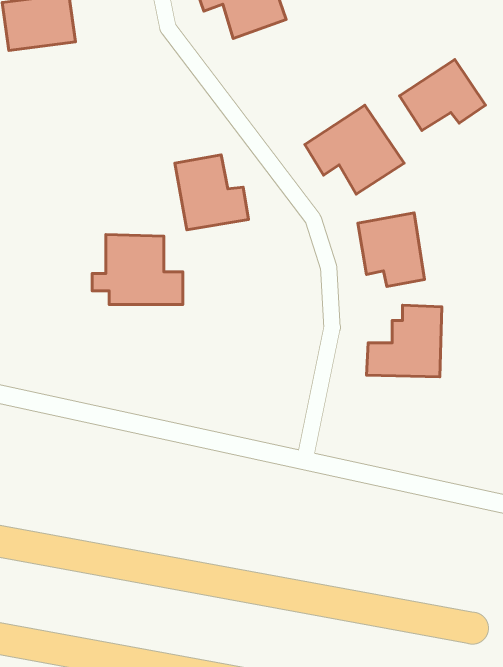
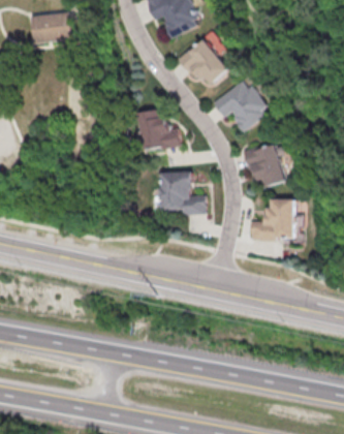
building: none -> [177,36,230,83]
building: [399,59,486,131] -> none
building: [92,234,183,304] -> [150,170,205,213]

